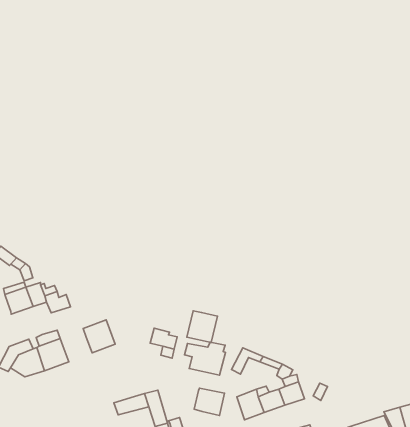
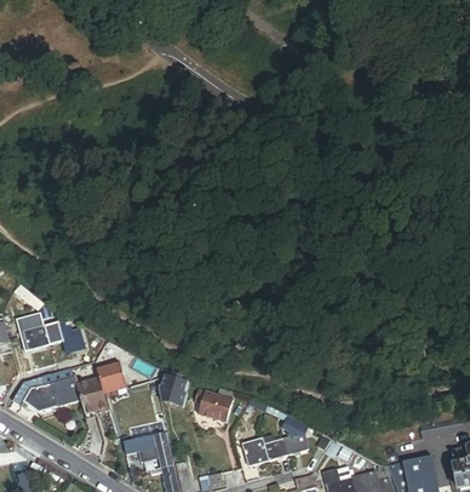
building: [187,311,218,342] -> none
building: none -> [76,376,109,413]
building: [194,388,224,415] -> none

